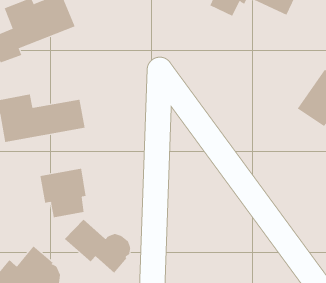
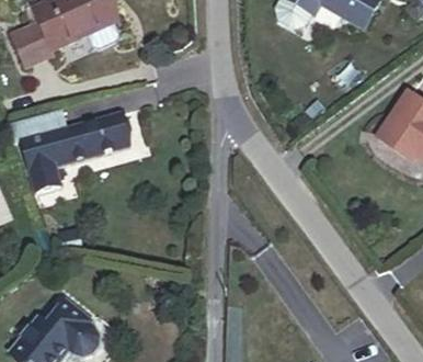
building: [40,168,86,218] -> none
building: [64,219,131,273] -> none

